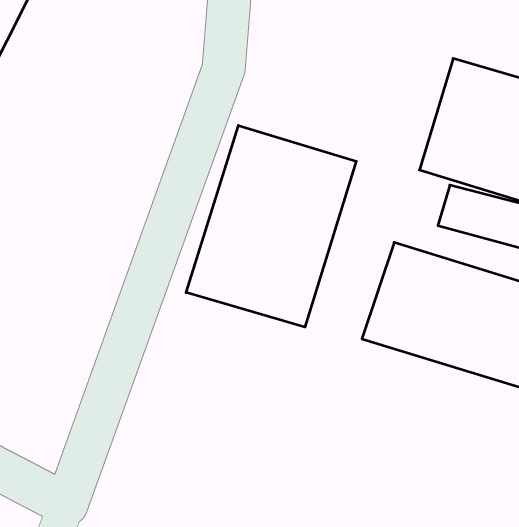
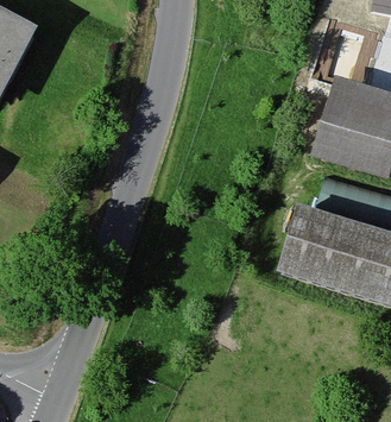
building: [186,125,356,327] -> none

